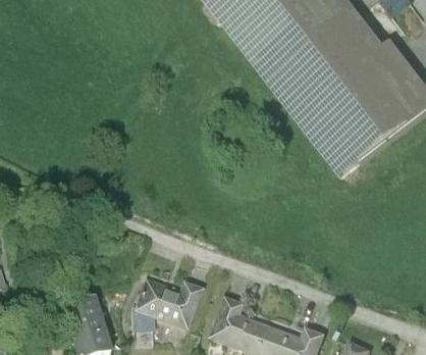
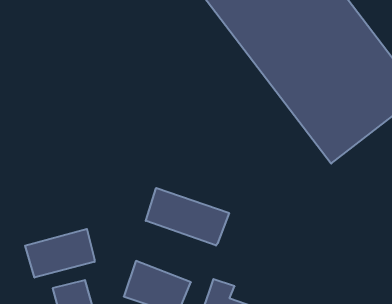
building: none -> [146,188,229,246]
building: none -> [25,229,95,278]

